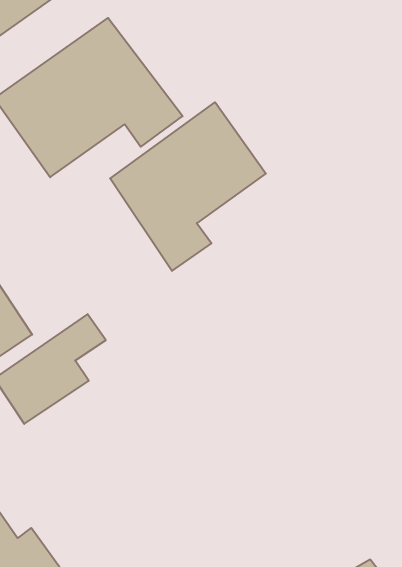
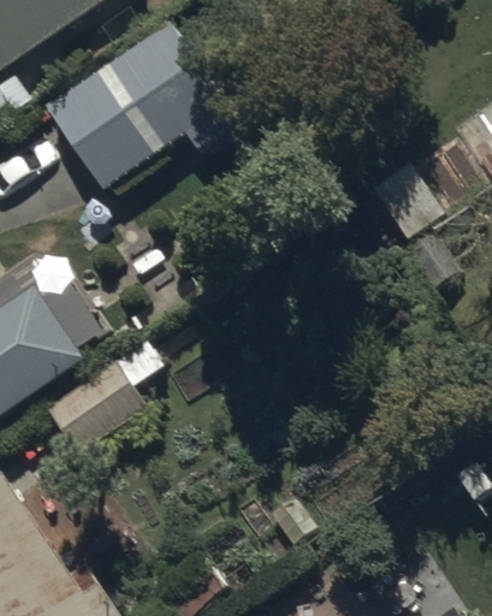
building: [110,102,266,271] -> none

